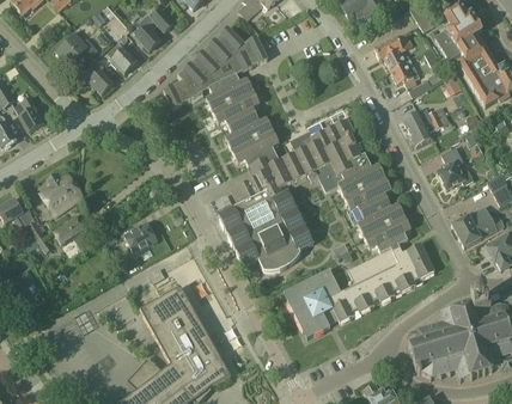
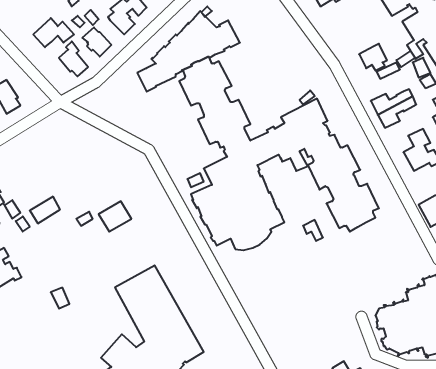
building: [373,31,412,71] -> none
building: [39,171,83,214] -> none
building: [284,243,434,338] -> none

